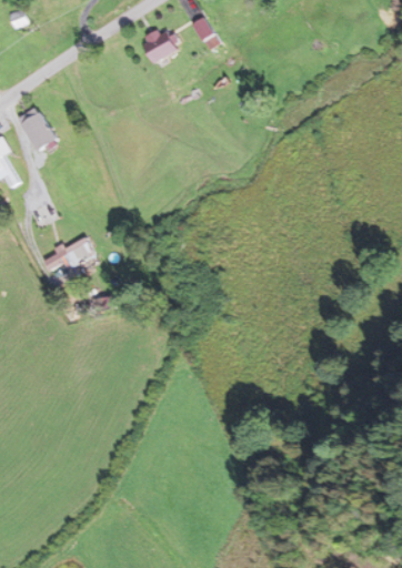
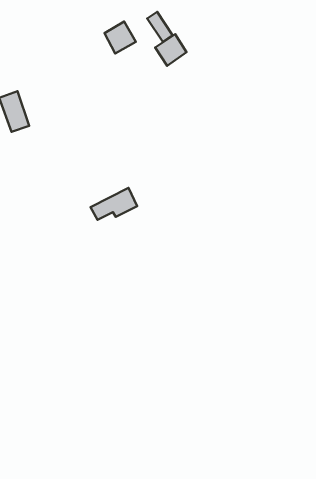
building: none -> [155,34,186,66]
building: [43,235,97,272] -> [91,188,137,220]

